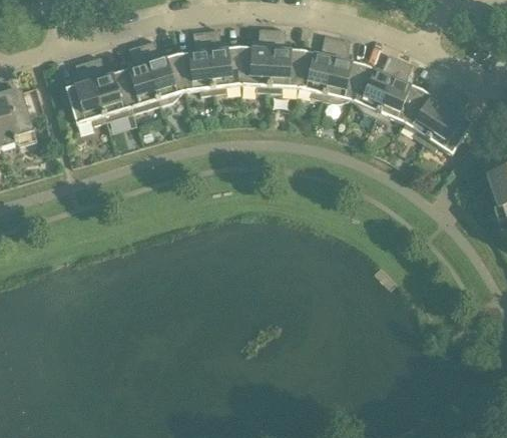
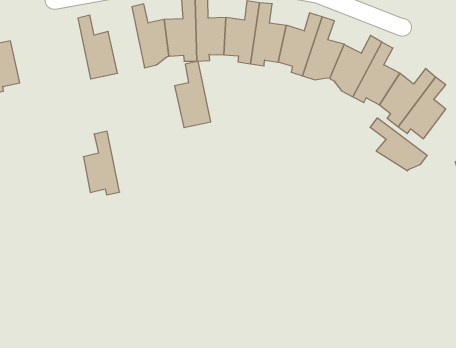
building: [120,42,160,111] -> [175,61,211,128]
building: [66,58,106,123] -> [83,131,120,195]
building: none -> [370,118,427,171]

